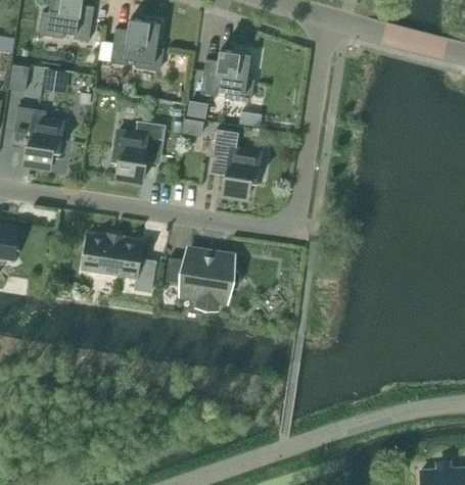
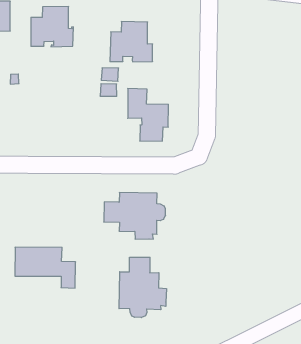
building: [113,120,167,181] -> none
building: [83,234,156,292] -> [15,247,76,288]
building: none -> [119,257,166,318]

